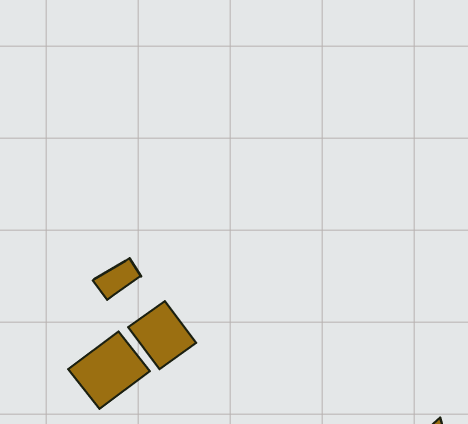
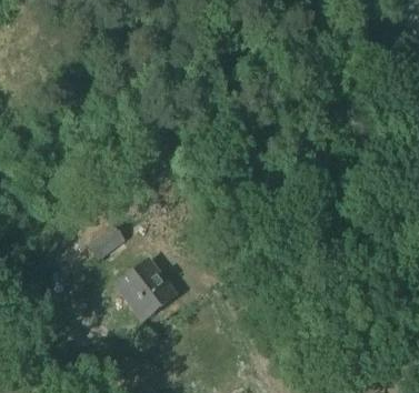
building: [68,331,150,409] -> none

